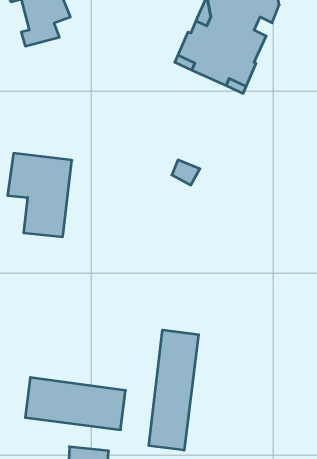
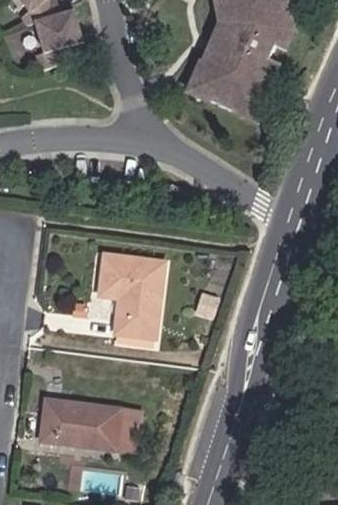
building: [8,153,72,237] -> [97,253,161,336]
building: [149,330,199,450] -> none

